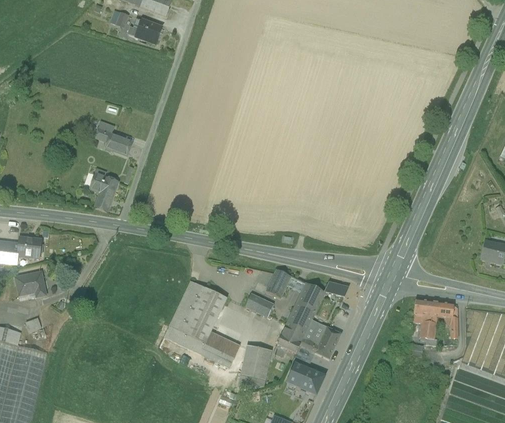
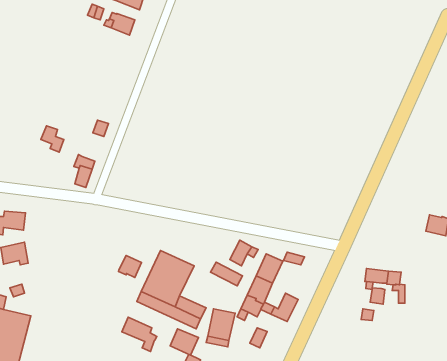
building: [95,122,120,151] -> [41,126,64,152]
building: none -> [118,255,141,278]
building: none -> [122,317,157,351]
building: none -> [170,329,198,355]
building: [298,369,323,394] -> none

